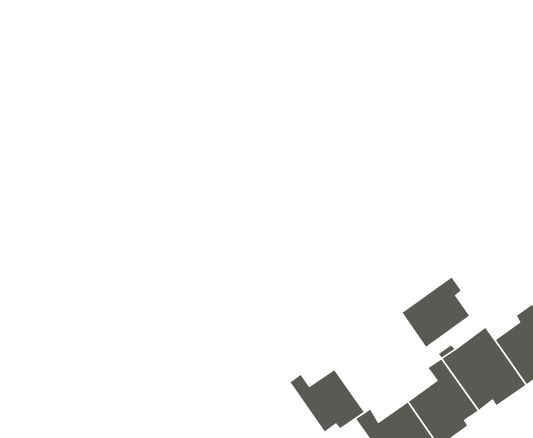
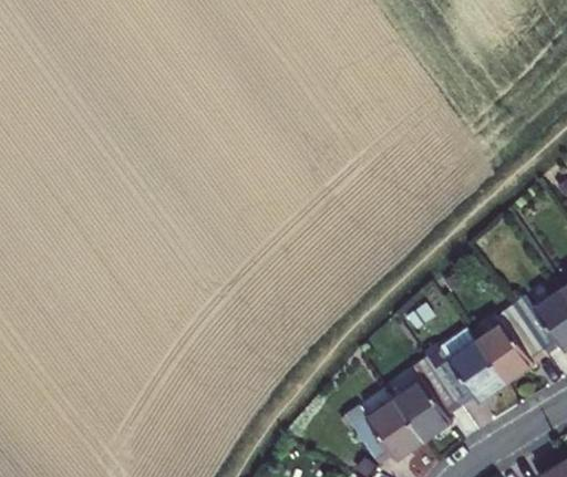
building: [401,277,470,348] -> none
building: [290,369,365,433] -> none

